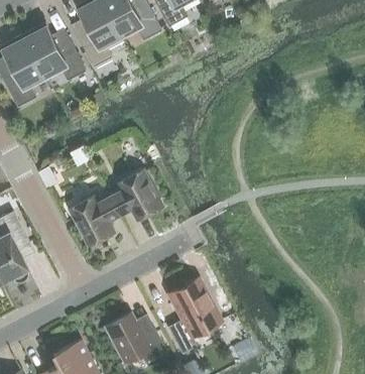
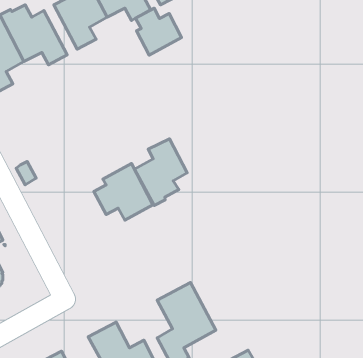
building: none -> [136,8,181,55]
building: none -> [134,139,187,205]
building: [70,195,121,246] -> none

